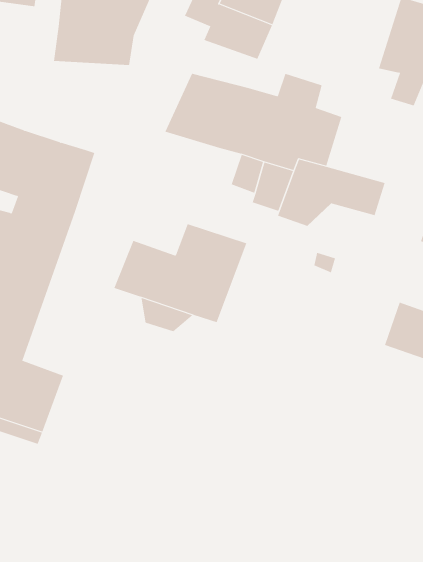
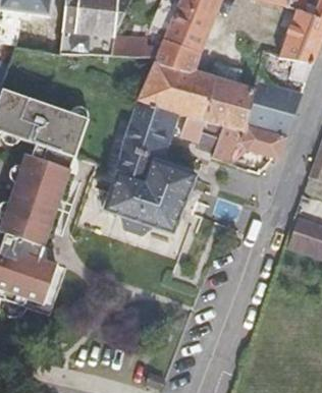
building: none -> [112,36,199,71]
building: none -> [246,73,301,135]
building: none -> [114,101,172,184]

